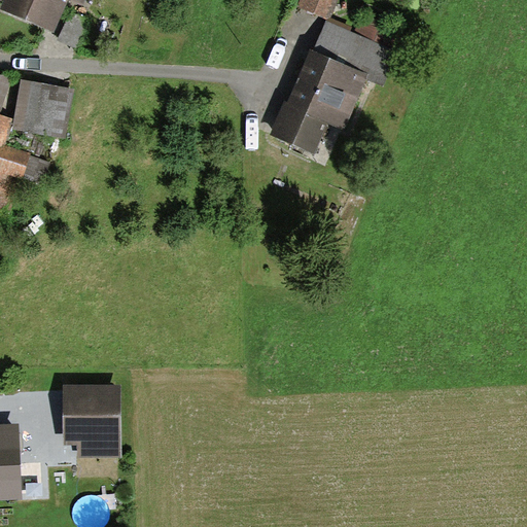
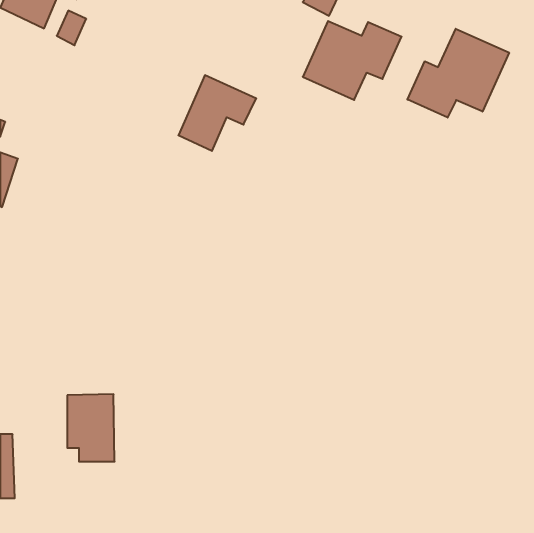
building: none -> [407,29,509,118]
building: [274,75,350,149] -> [178,75,256,151]
building: [14,81,70,137] -> none

